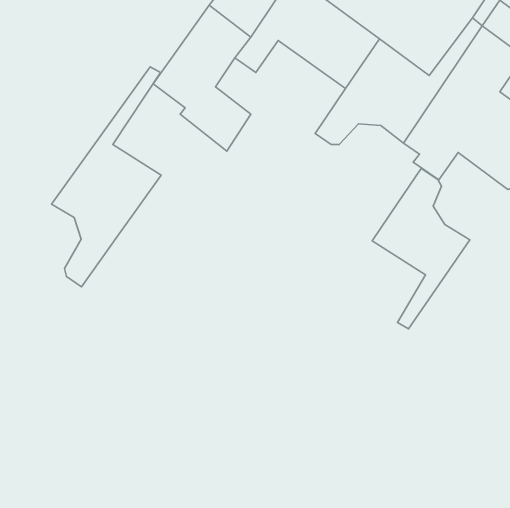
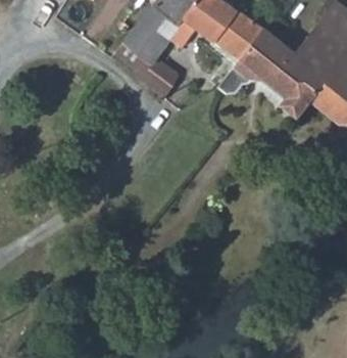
building: [51,67,161,287] -> none
building: [372,168,470,329] -> none

